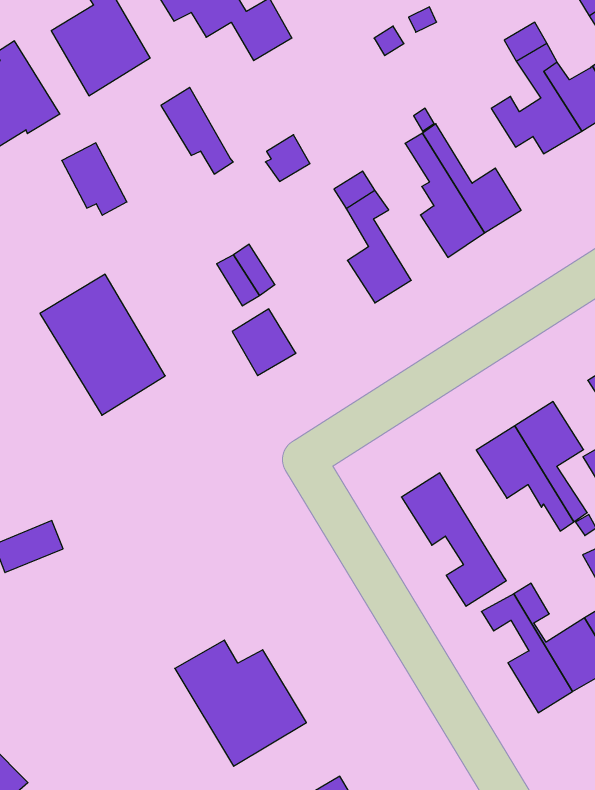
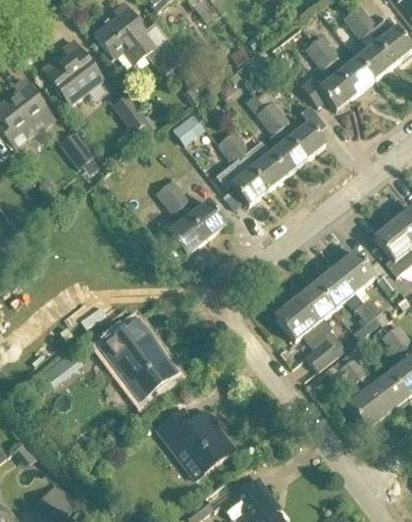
building: none -> [241,151,286,190]
building: [40,274,165,415] -> [100,318,175,399]
building: none -> [187,200,224,239]
building: none -> [295,282,346,354]

